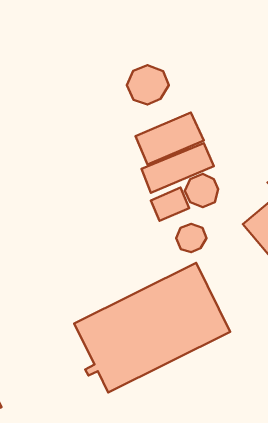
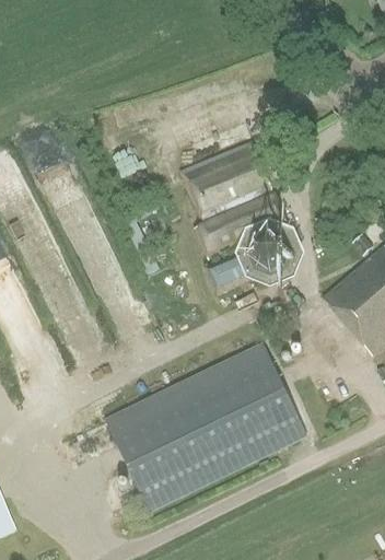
building: [127,65,169,104] -> none
building: [176,224,207,252] -> none

